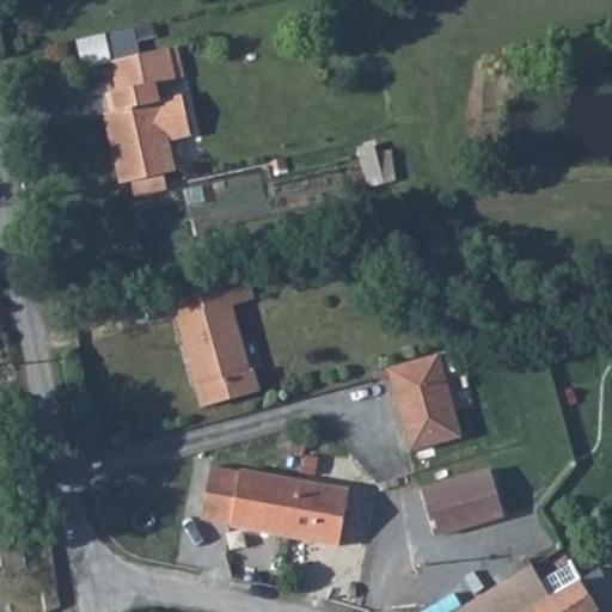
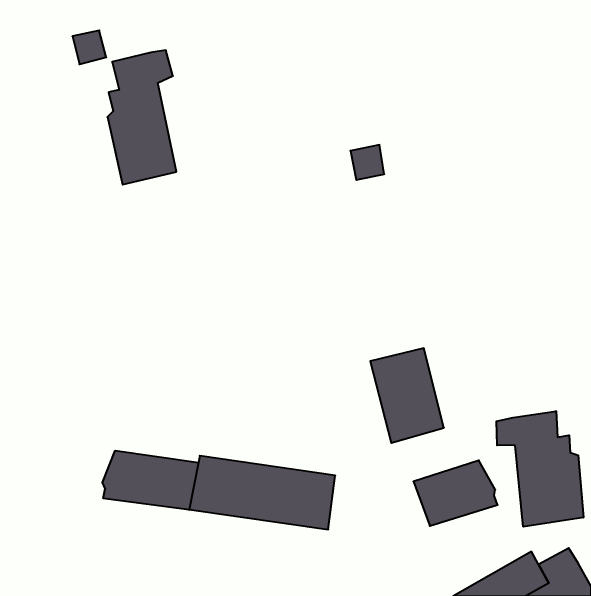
building: [177,281,262,411] -> none
building: none -> [496,411,583,527]
building: none -> [102,451,198,510]

